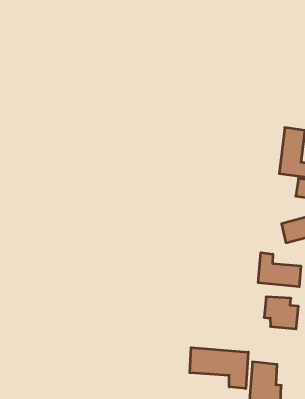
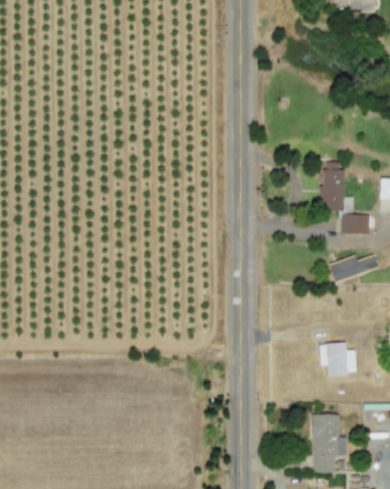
building: [258,253,301,287] -> none
building: [190,348,248,389] -> none

